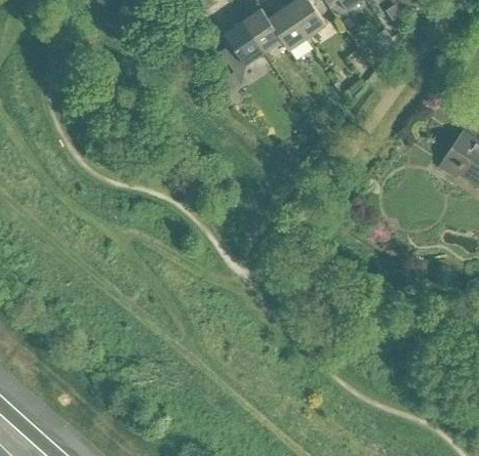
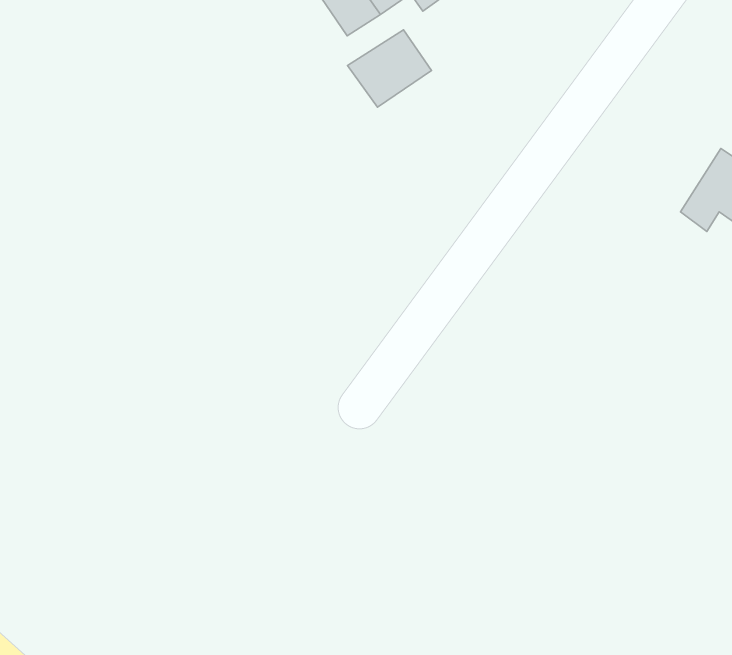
building: none -> [348,30,431,107]

